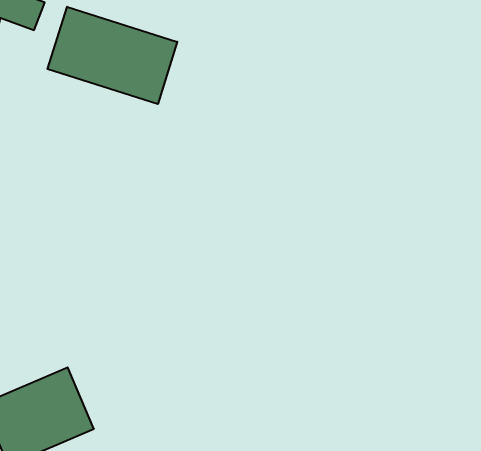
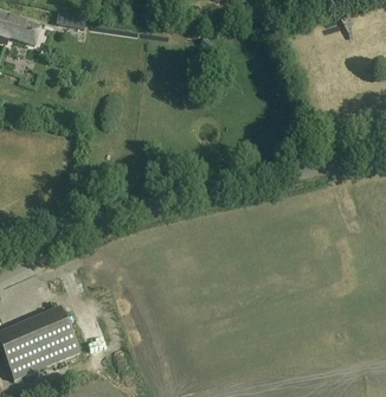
building: [47,7,177,104] -> none

